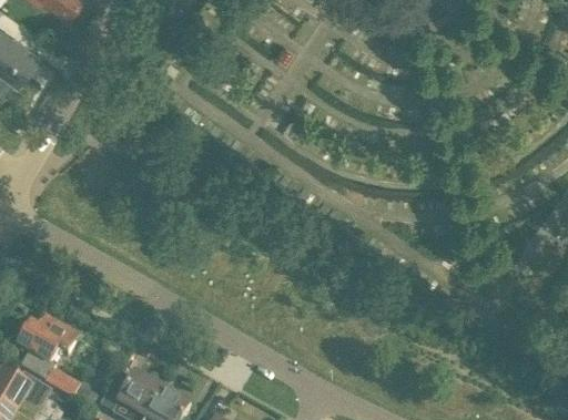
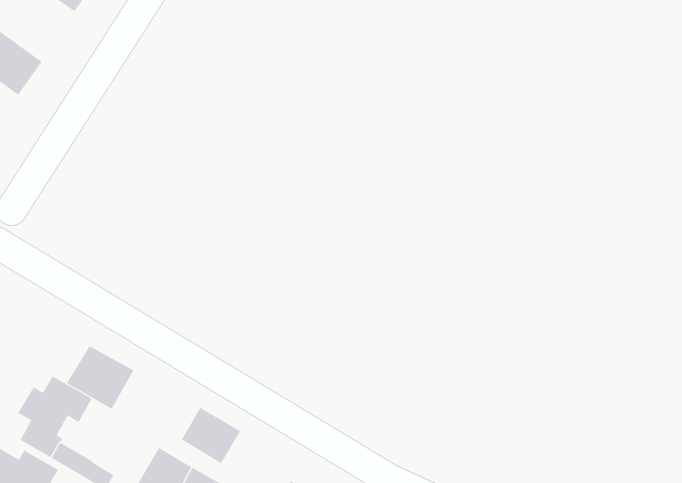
building: none -> [66,345,134,410]
building: none -> [181,407,241,464]

